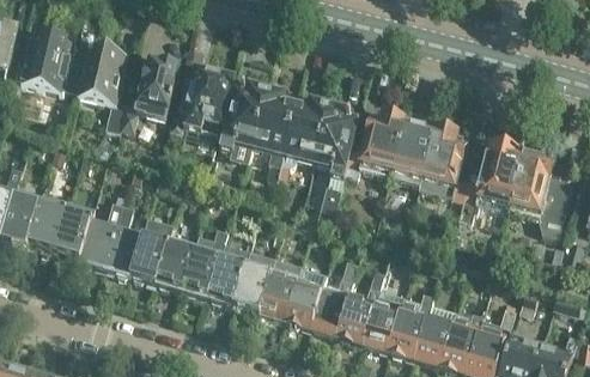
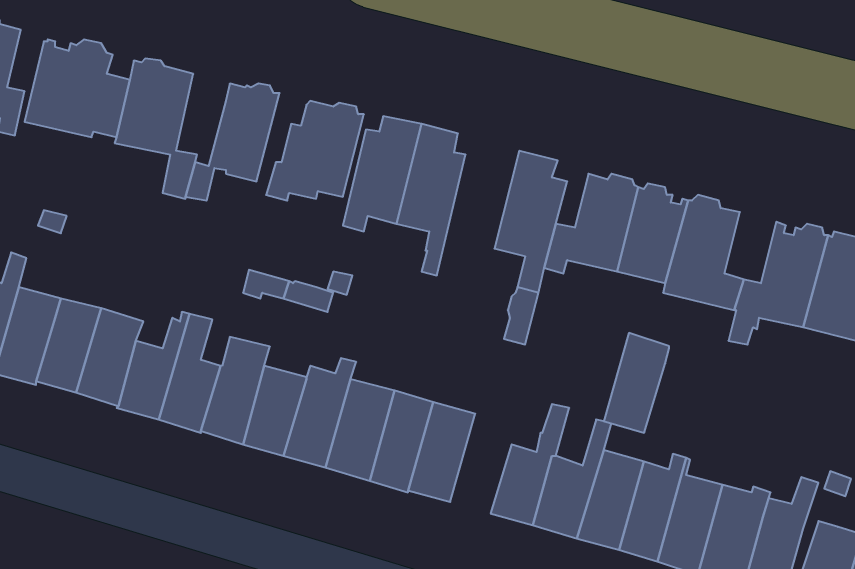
building: [280,96,328,168] -> none
building: [285,266,326,328] -> [604,333,669,433]

